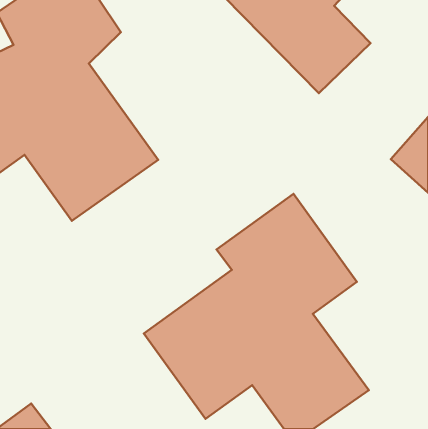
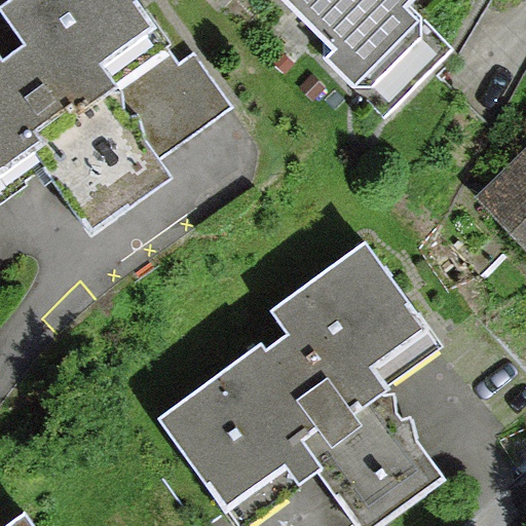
building: none -> [123,41,231,148]

